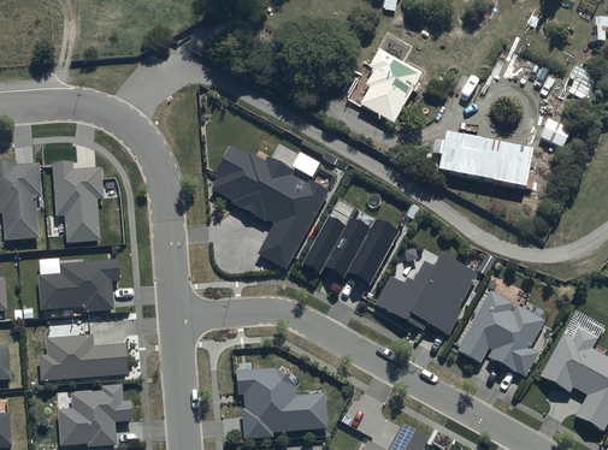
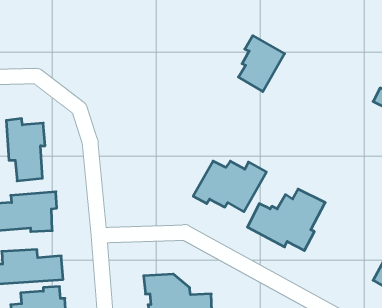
building: [438,135,532,189] -> none
building: [211,146,327,268] -> none
building: [459,290,544,375] -> none

